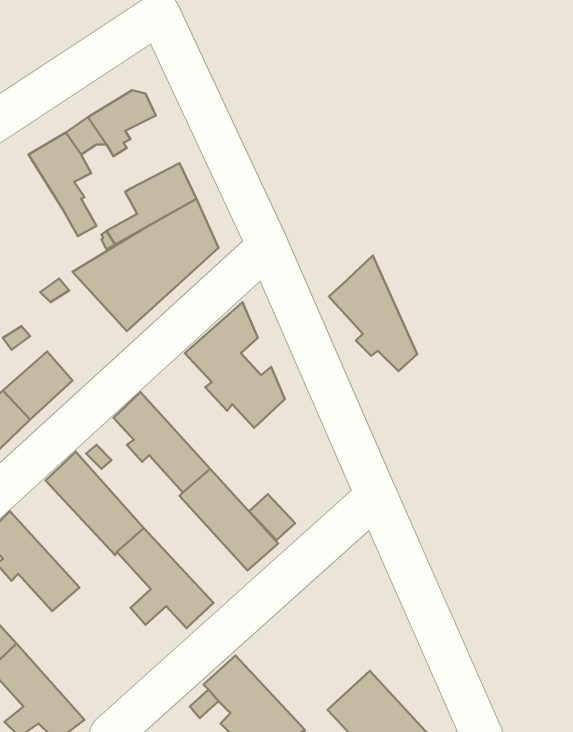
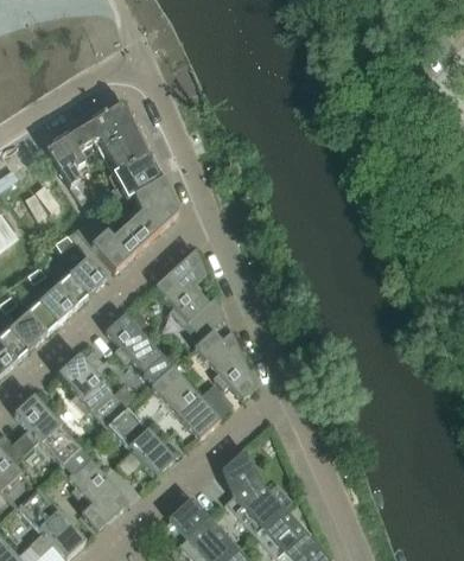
building: none -> [104,120,151,171]
building: [329,256,417,371] -> [193,318,255,399]
building: none -> [58,257,107,305]
building: none -> [59,450,128,521]
building: none -> [221,450,284,535]

